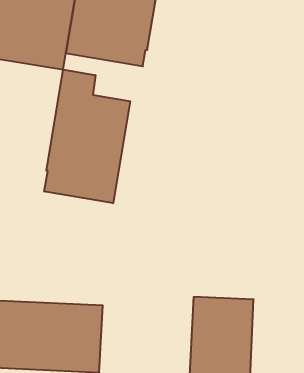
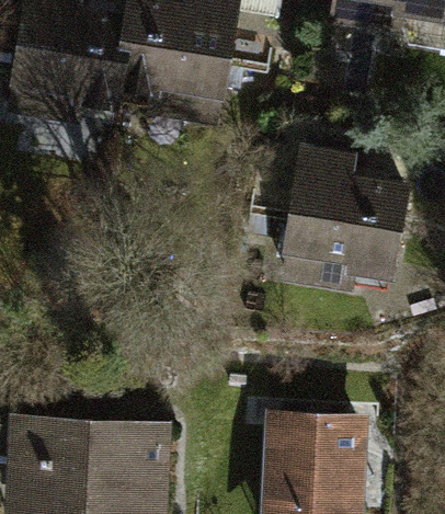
building: [44,70,130,203] -> none
building: none -> [294,151,411,286]

